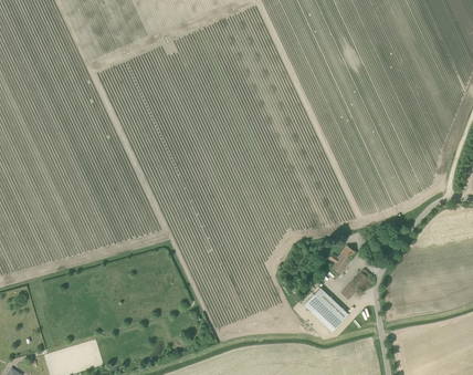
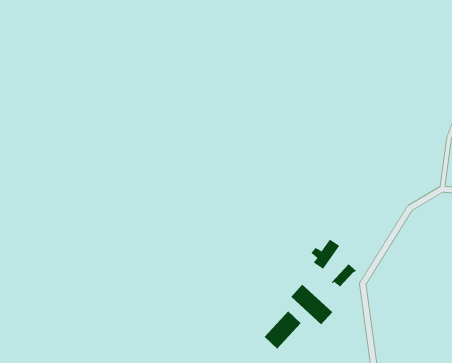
building: none -> [264,311,302,349]

